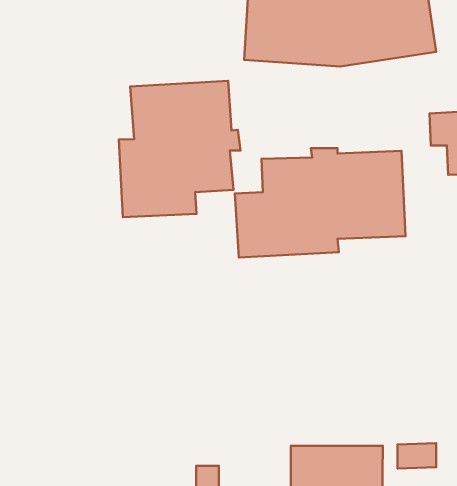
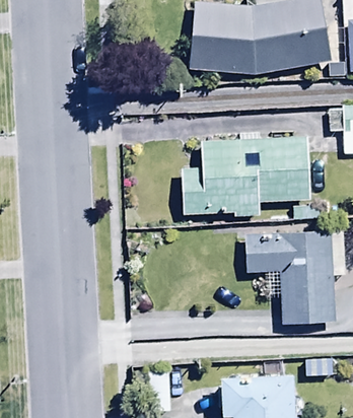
building: [119,81,240,217] -> none
building: none -> [244,228,346,325]

